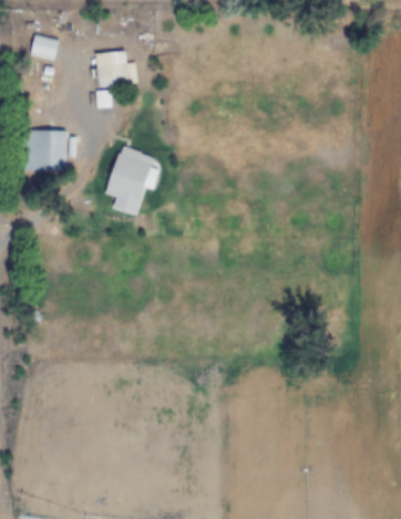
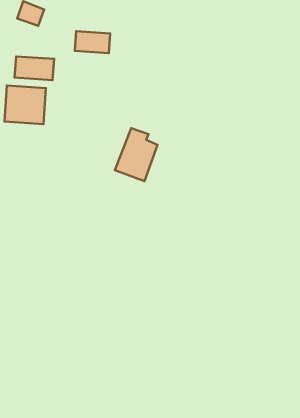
building: none -> [15,56,54,80]
building: [107,146,154,205] -> [115,128,158,181]

